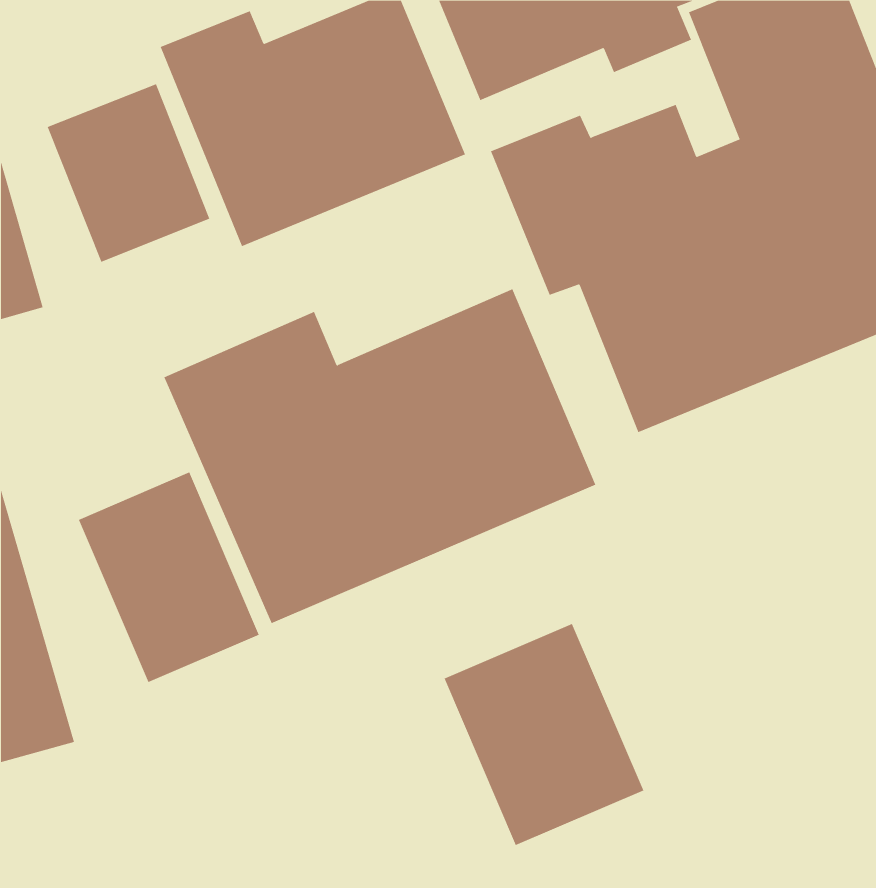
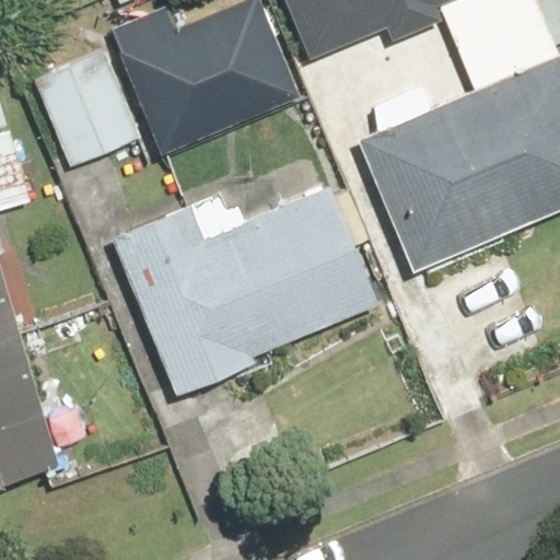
building: [78,472,260,683] -> none
building: [444,623,644,846] -> none

